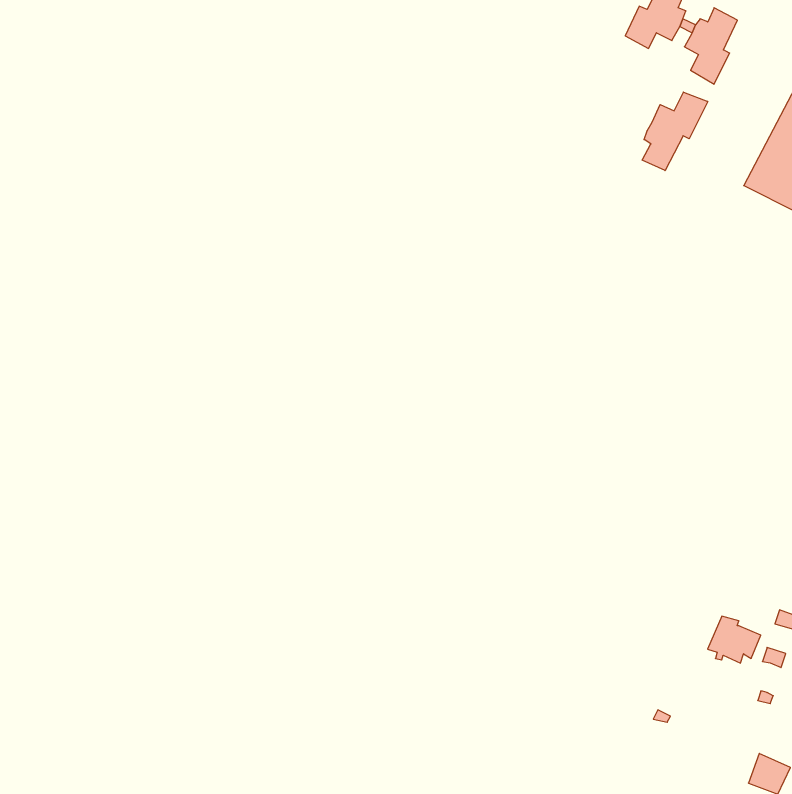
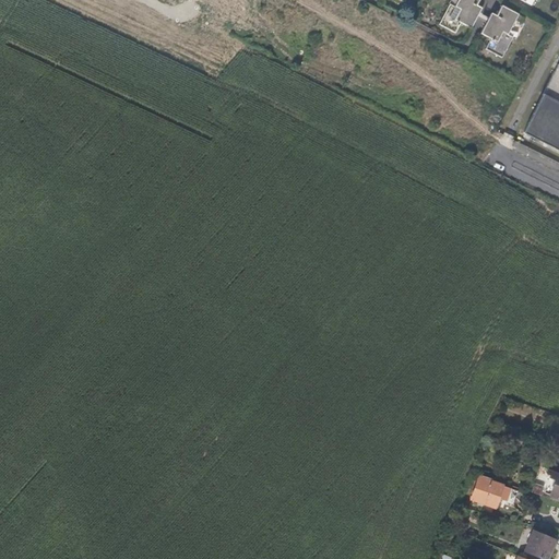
building: [642,92,708,171] -> none
building: [708,616,761,663] -> [474,474,511,507]

